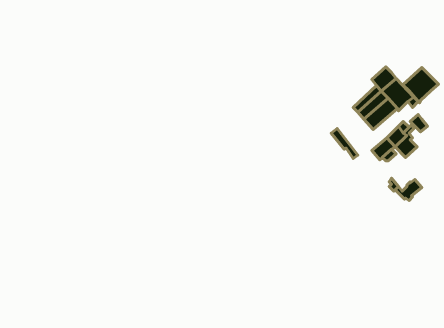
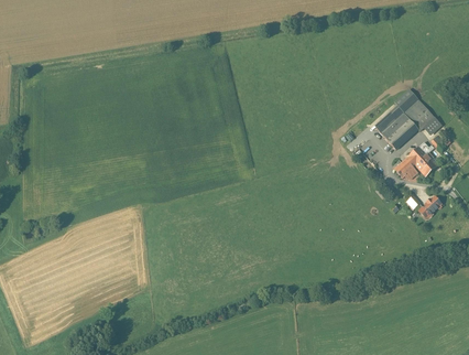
building: [403,67,438,103] -> none

